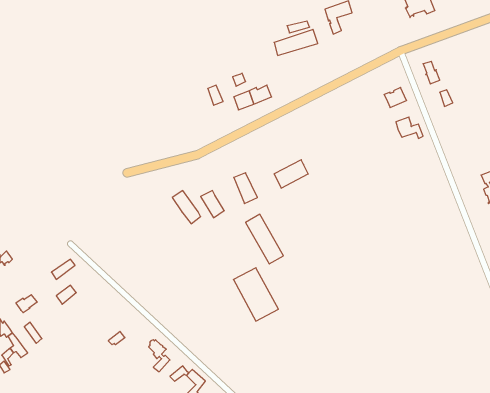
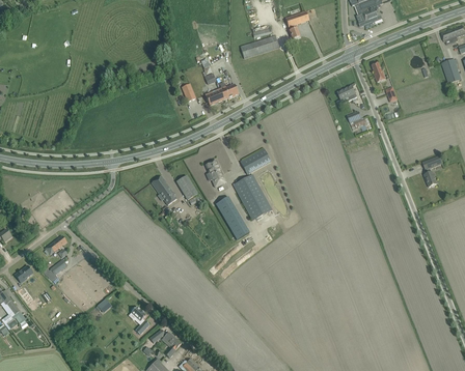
building: [233,268,278,321] -> [232,173,272,220]

